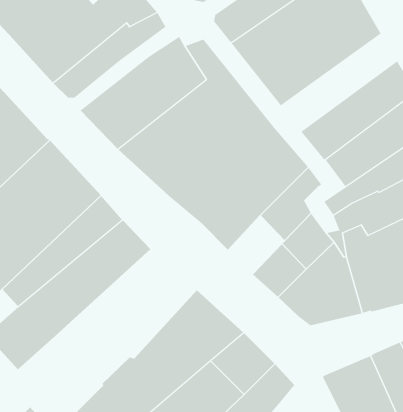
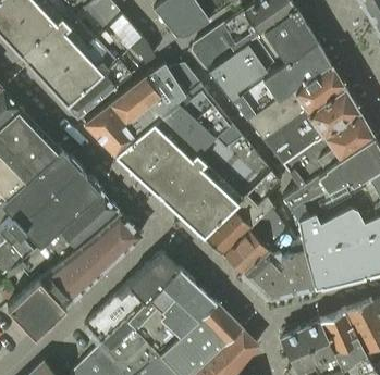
building: none -> [246,62,341,141]
building: none -> [204,209,249,257]
building: none -> [84,253,179,345]

